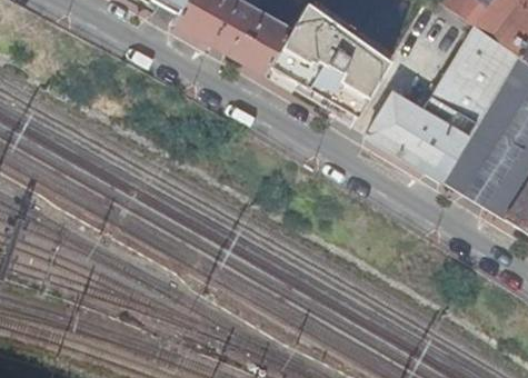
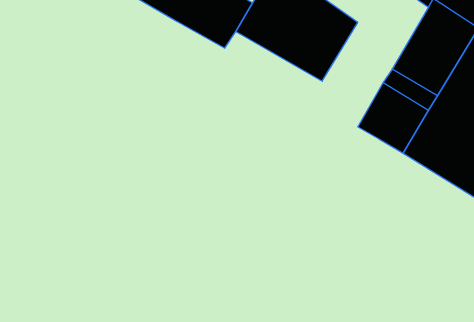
building: [367,91,424,153] -> none

